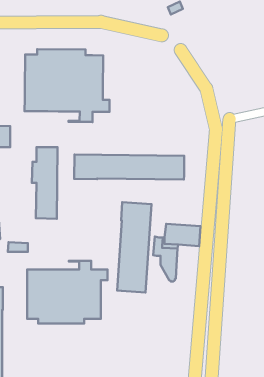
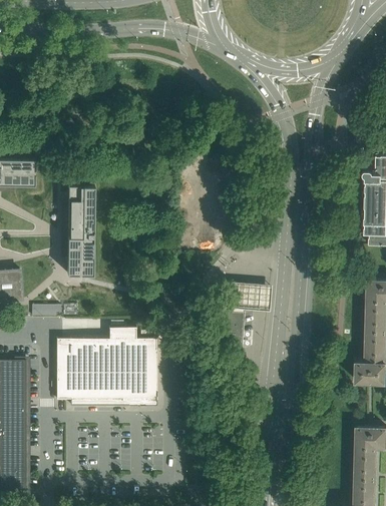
building: [25,49,110,122] -> none
building: [74,155,184,179] -> none
building: [117,202,152,293] -> none

